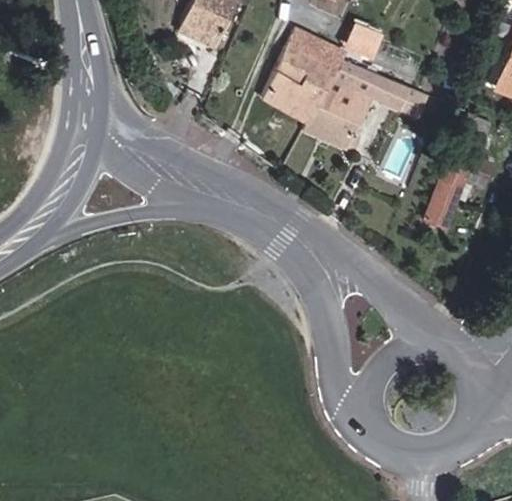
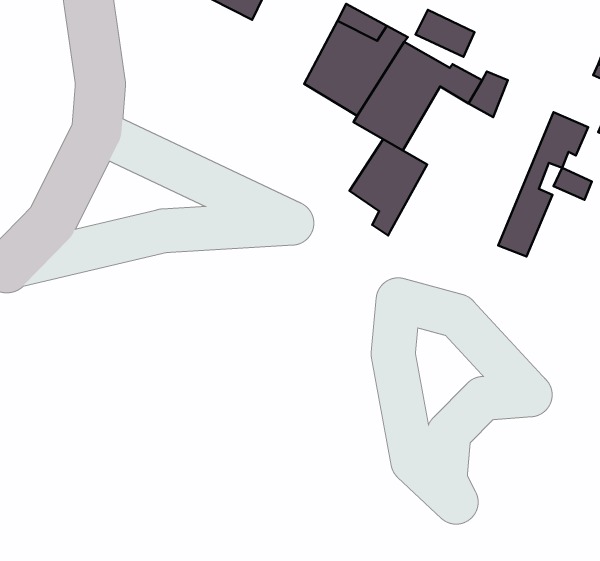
building: none -> [350,139,427,236]

